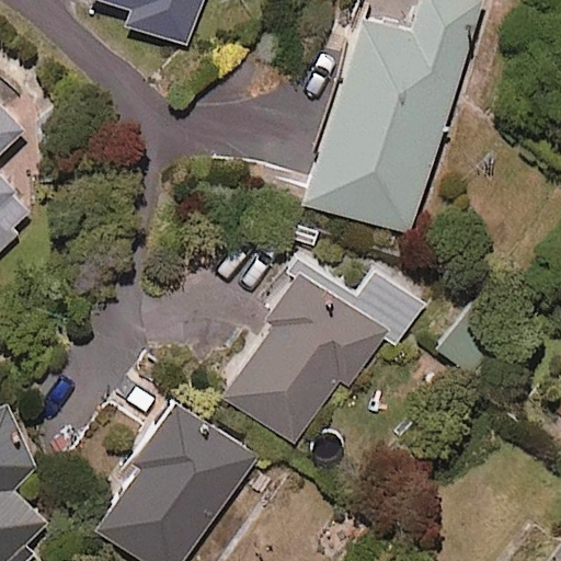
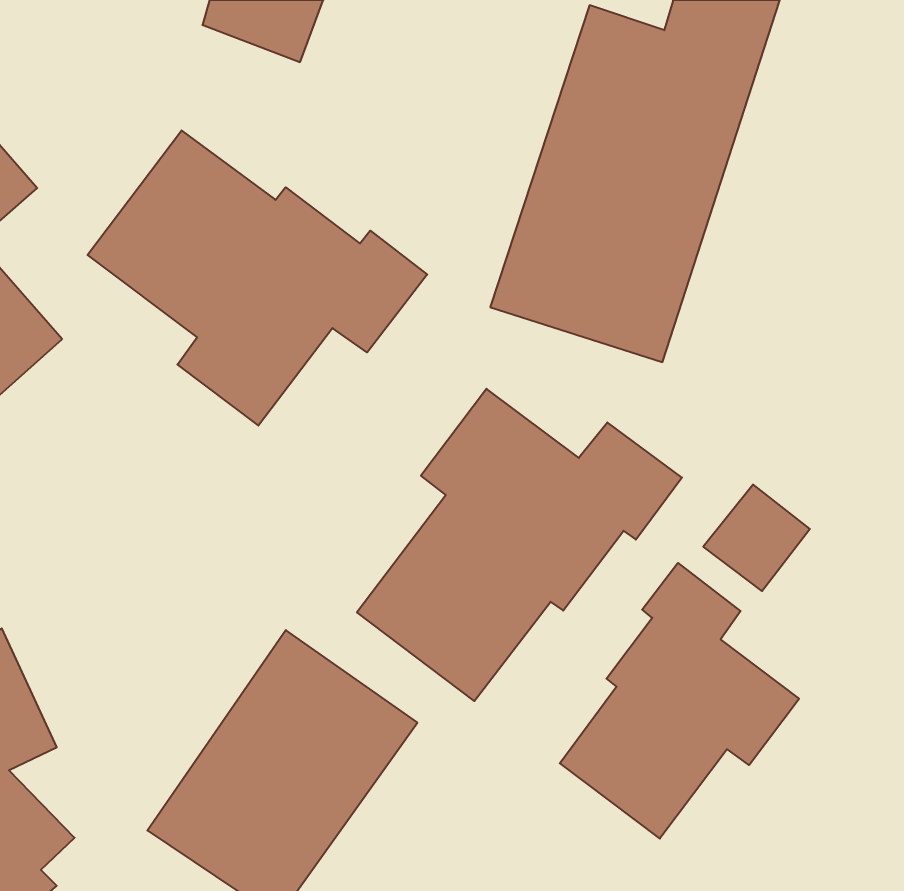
building: none -> [88,130,427,426]
building: none -> [560,563,799,839]

